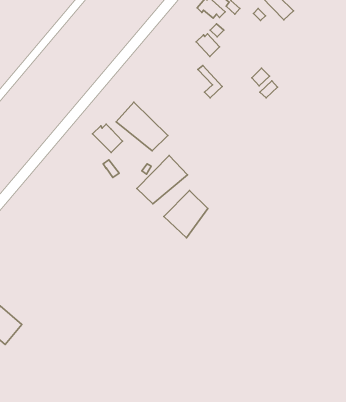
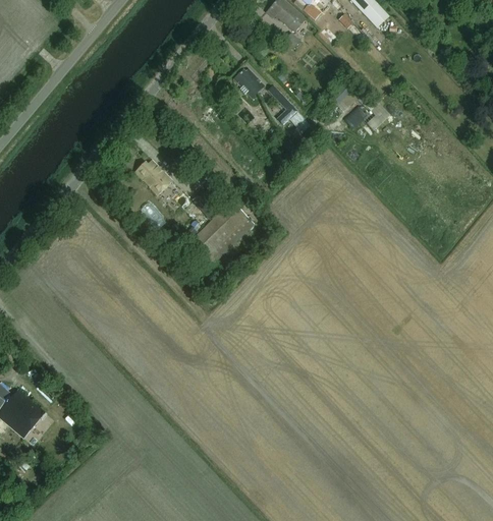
building: [196,34,219,56] -> [234,69,264,98]
building: [116,102,168,151] -> none
building: [164,190,208,238] -> none

